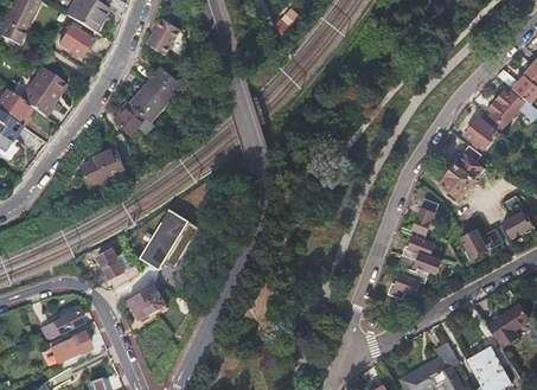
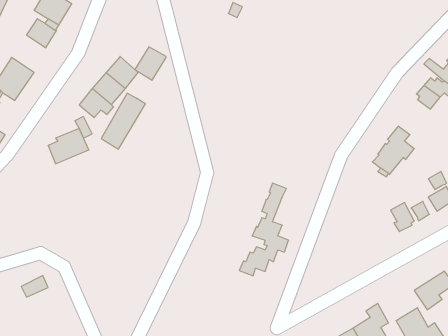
building: [146,18,180,55] -> [135,47,166,80]
building: [465,116,496,147] -> none
building: [386,197,441,299] -> [239,183,289,276]
building: [140,206,188,268] -> [101,93,145,149]
building: [96,248,136,286] -> none
building: [128,282,165,317] -> none
building: [50,331,90,363] -> none

